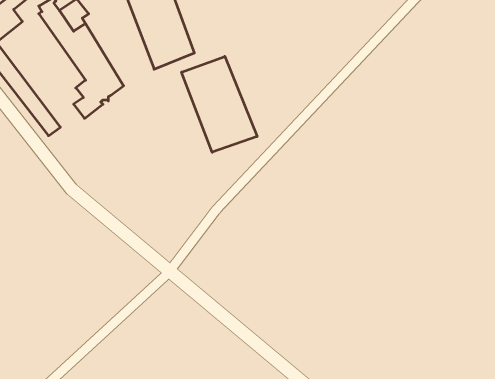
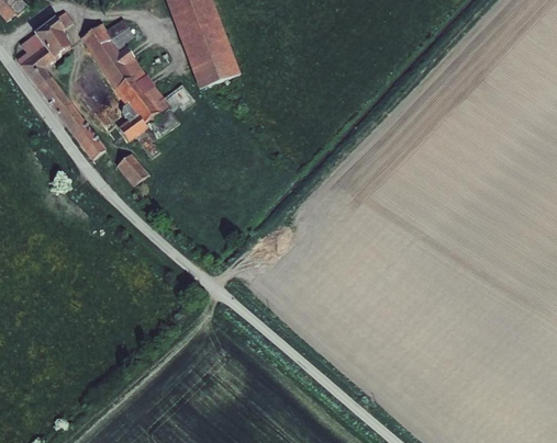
building: [182,56,257,152] -> none
building: none -> [113,154,148,189]

